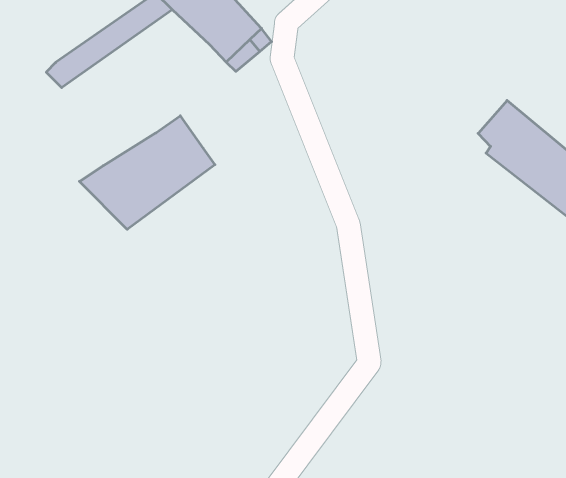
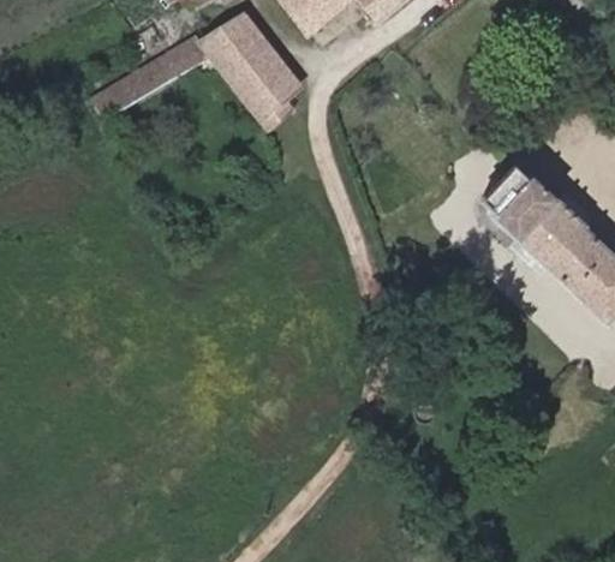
building: [79,116,215,229] -> none

